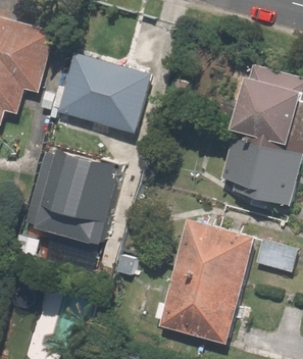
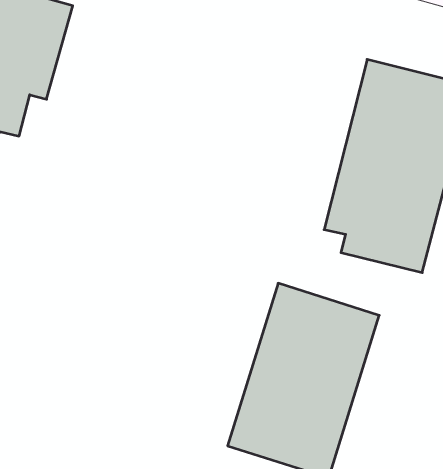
building: [49,54,149,134] -> none
building: [26,145,123,243] -> none

